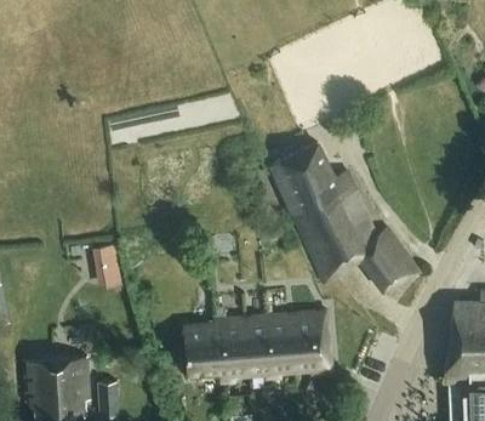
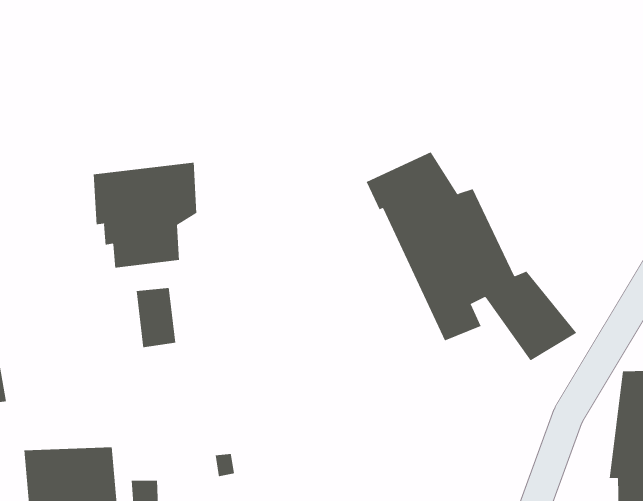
building: none -> [93,162,197,268]
building: [181,308,335,382] -> none

